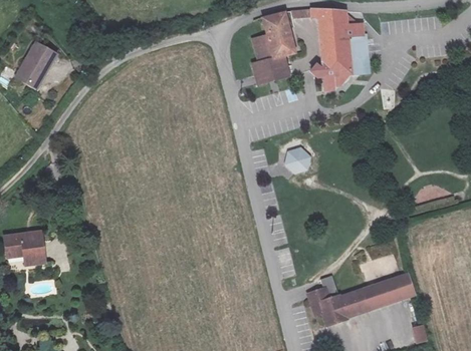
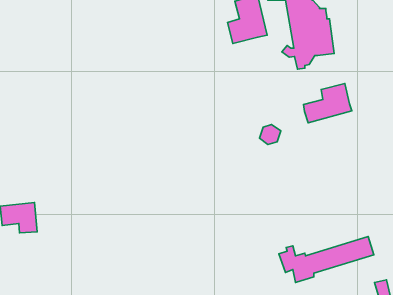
building: [12,47,52,92] -> none
building: [252,54,290,84] -> none
building: none -> [303,84,352,123]

